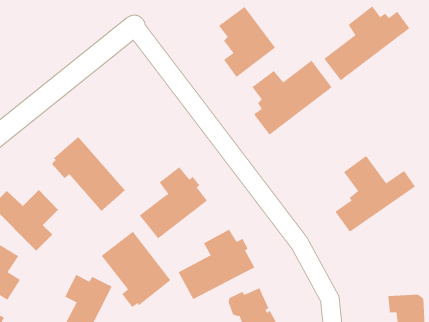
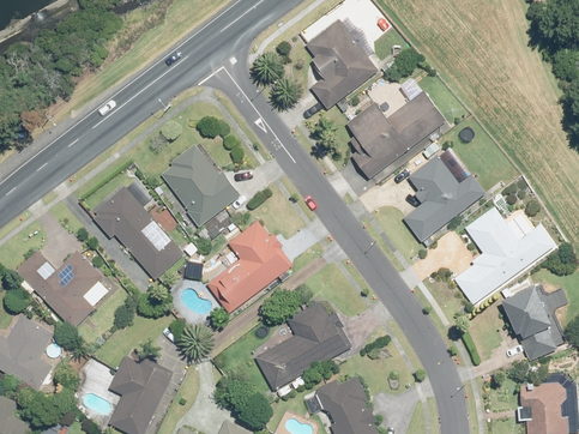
building: [323,6,410,81] -> none
building: none -> [158,143,240,227]
building: none -> [402,153,485,242]
building: none -> [502,282,560,360]
building: [101,231,171,308] -> none

